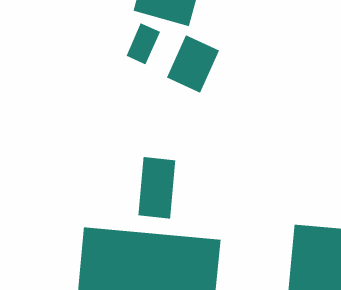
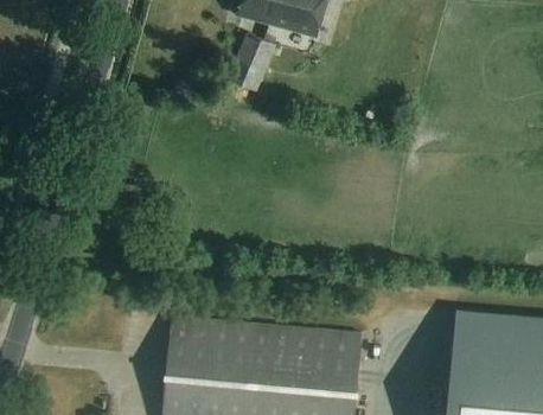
building: [166,34,220,94] -> none
building: [137,156,176,219] -> none

